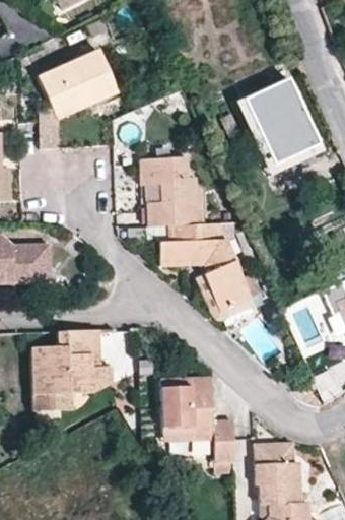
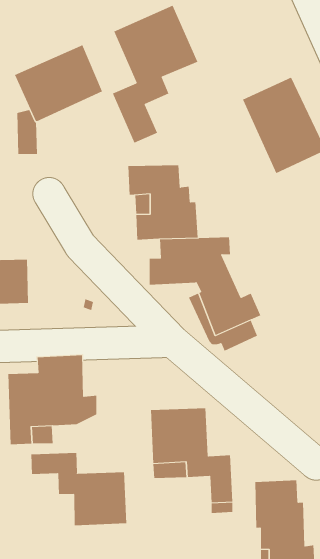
building: none -> [112,5,198,143]
building: none -> [31,452,127,526]

